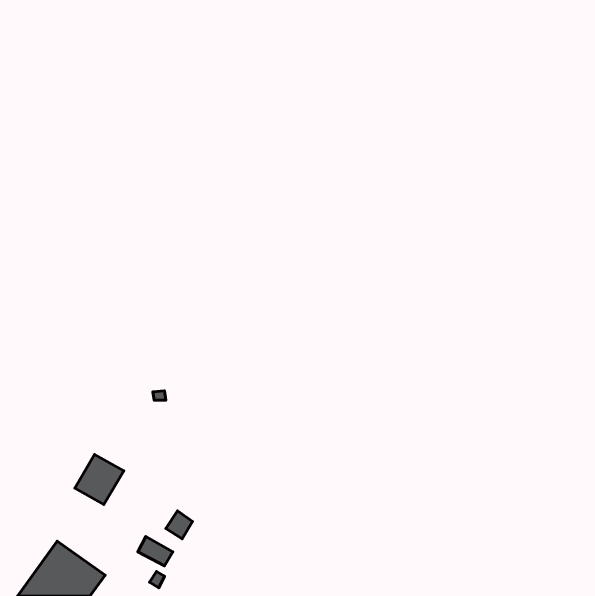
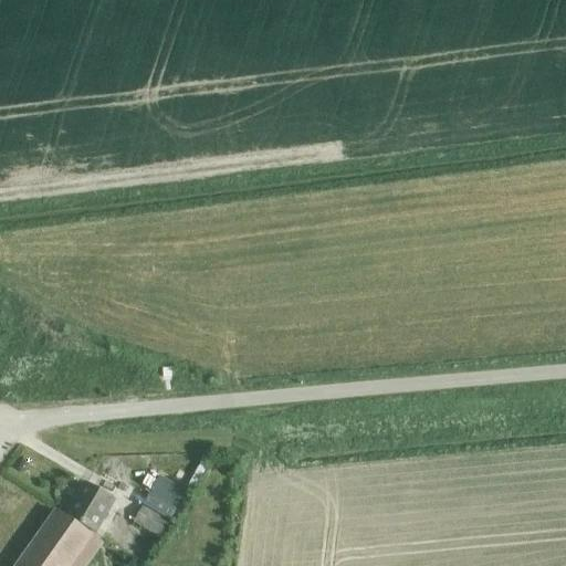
building: [75,454,124,505] -> [65,485,112,533]

